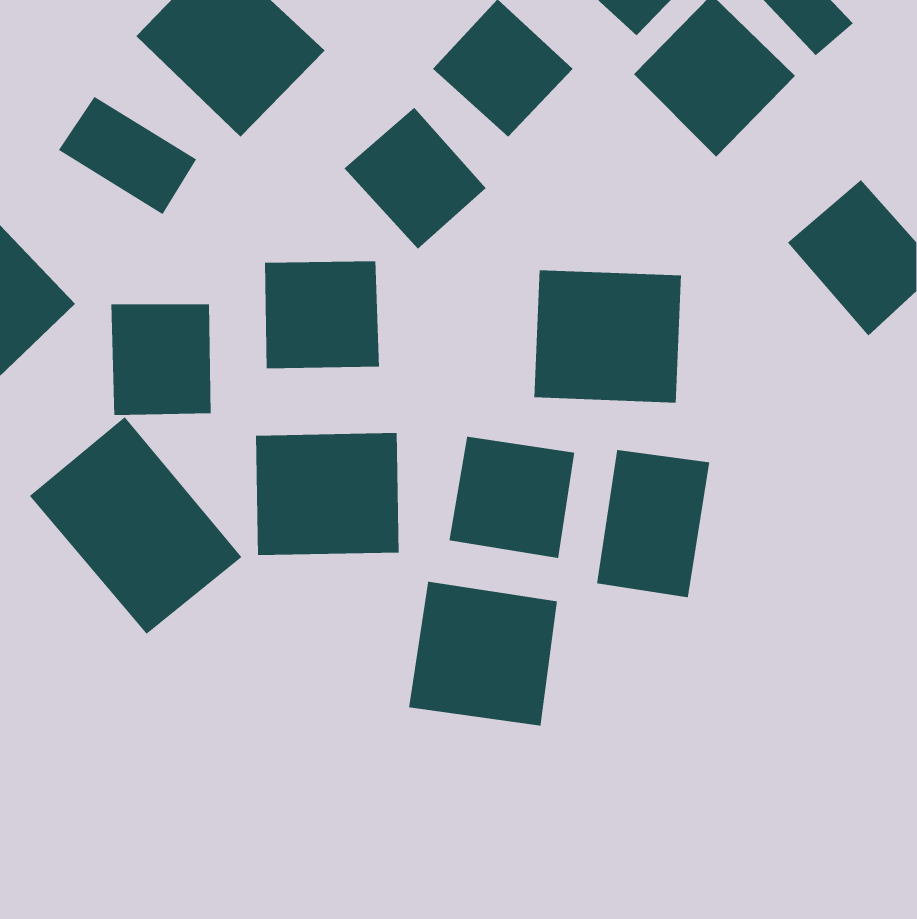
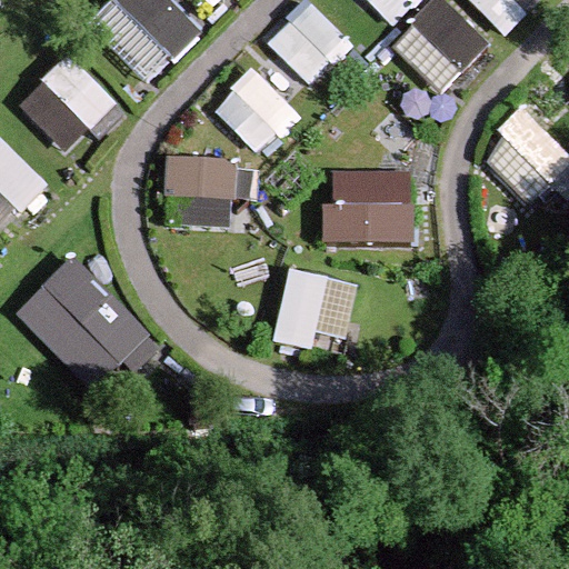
building: [111,304,211,416] -> none
building: [255,432,400,556] -> none
building: [596,449,710,598] -> none
building: [408,581,558,727] -> none

